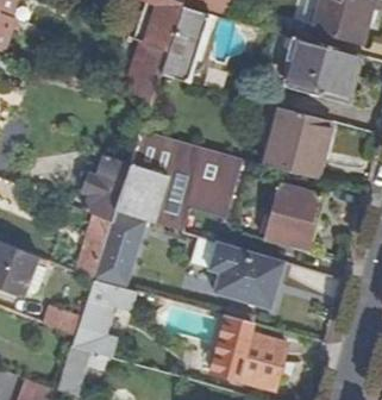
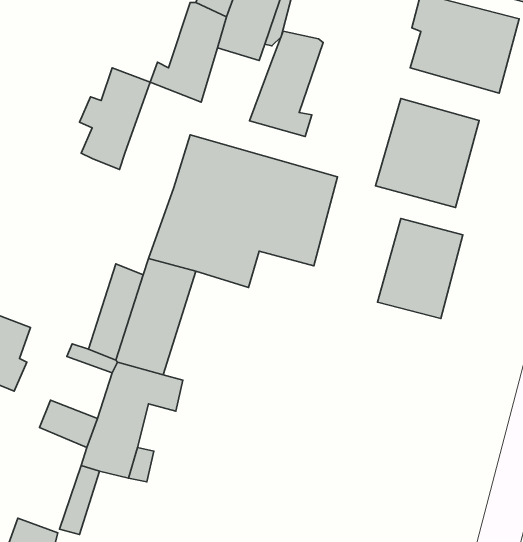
building: none -> [249,31,323,137]
building: [84,155,131,221] -> [79,68,150,169]
building: [207,240,283,310] -> none
building: [211,315,284,388] -> none

